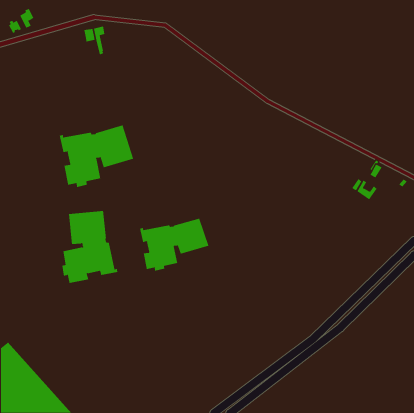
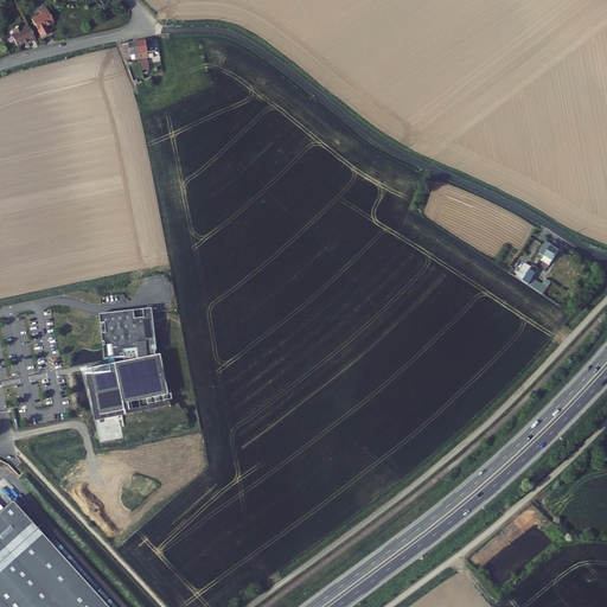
building: [59,125,134,188] -> none
building: [139,218,209,272] -> none

